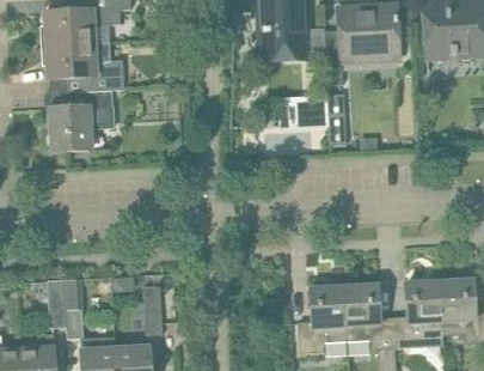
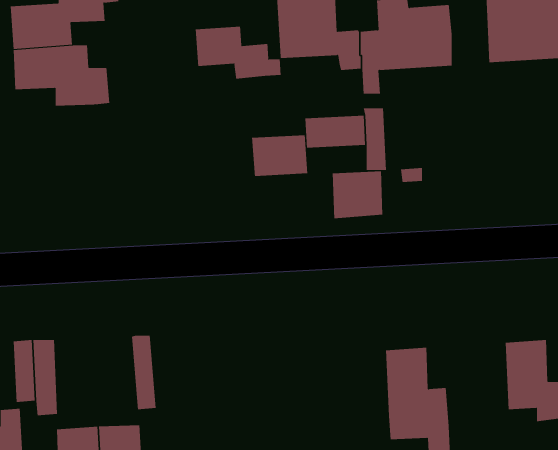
building: none -> [195,26,281,80]
building: [49,90,114,151] -> none
building: none -> [252,134,308,177]
building: none -> [332,171,383,219]
building: [393,280,442,347] -> none
building: [296,286,347,352] -> none

